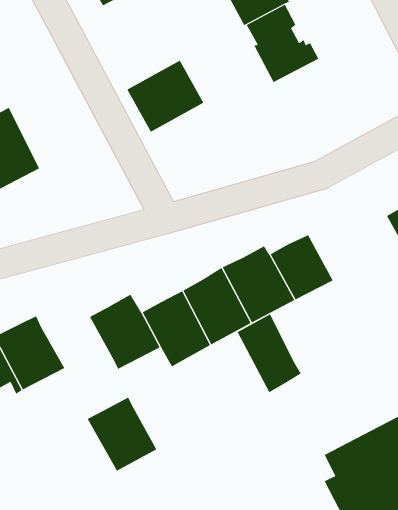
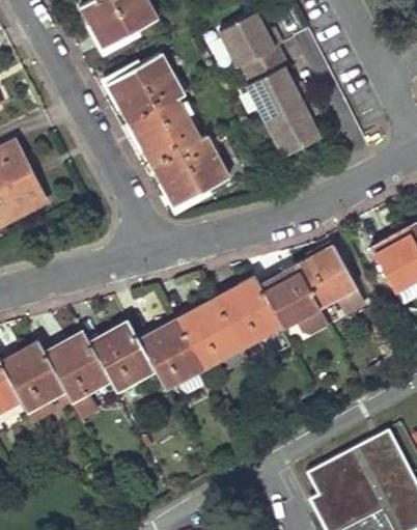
building: none -> [104,53,184,128]
building: none -> [265,99,318,157]
building: none -> [148,137,228,208]
building: none -> [298,247,358,308]
building: [237,313,302,393] -> none
building: [87,397,157,471] -> [46,332,112,402]

